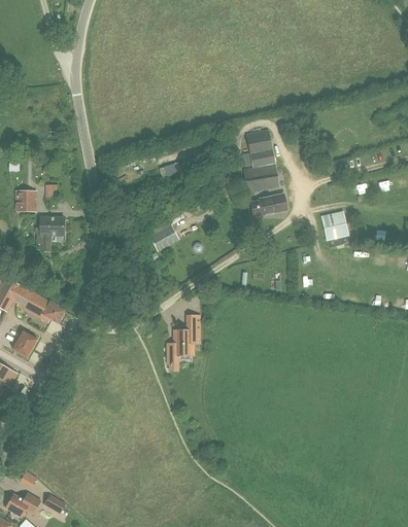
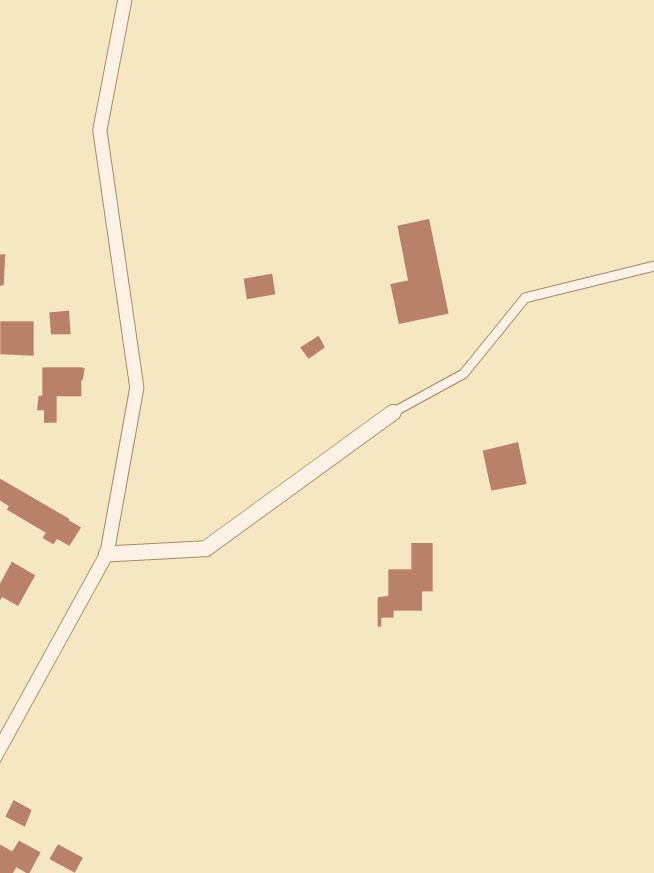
building: [250,194,286,216] -> none
building: [321,211,348,240] -> [482,442,528,491]
building: [149,224,179,251] -> none
building: [167,315,200,364] -> [377,542,433,627]

